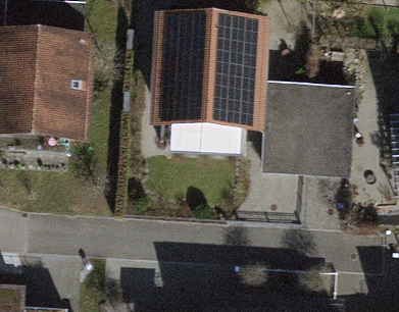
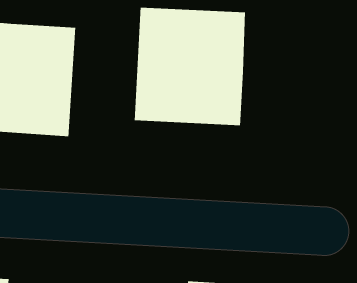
building: [260,79,354,172] -> none

